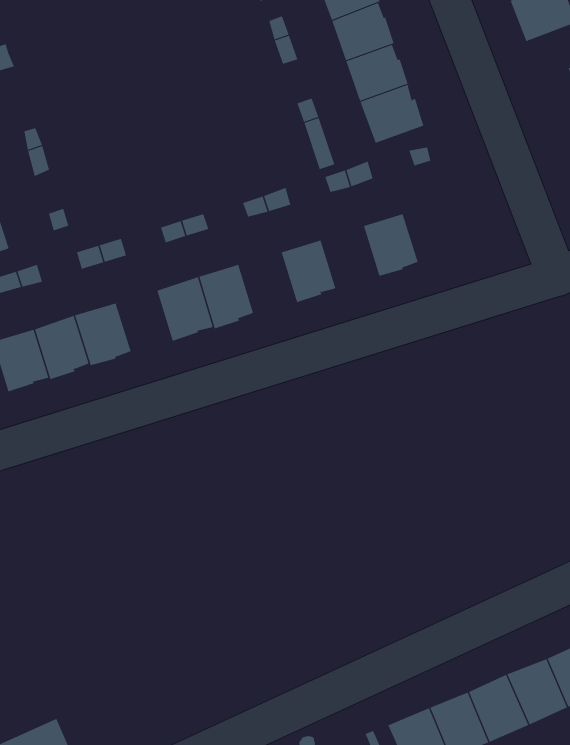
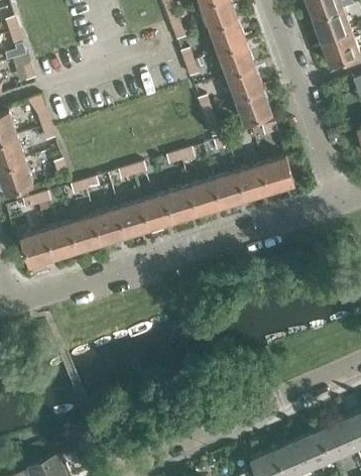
building: none -> [259,156,293,193]
building: none -> [212,170,245,208]
building: none -> [164,186,198,222]
building: none -> [94,208,126,244]

